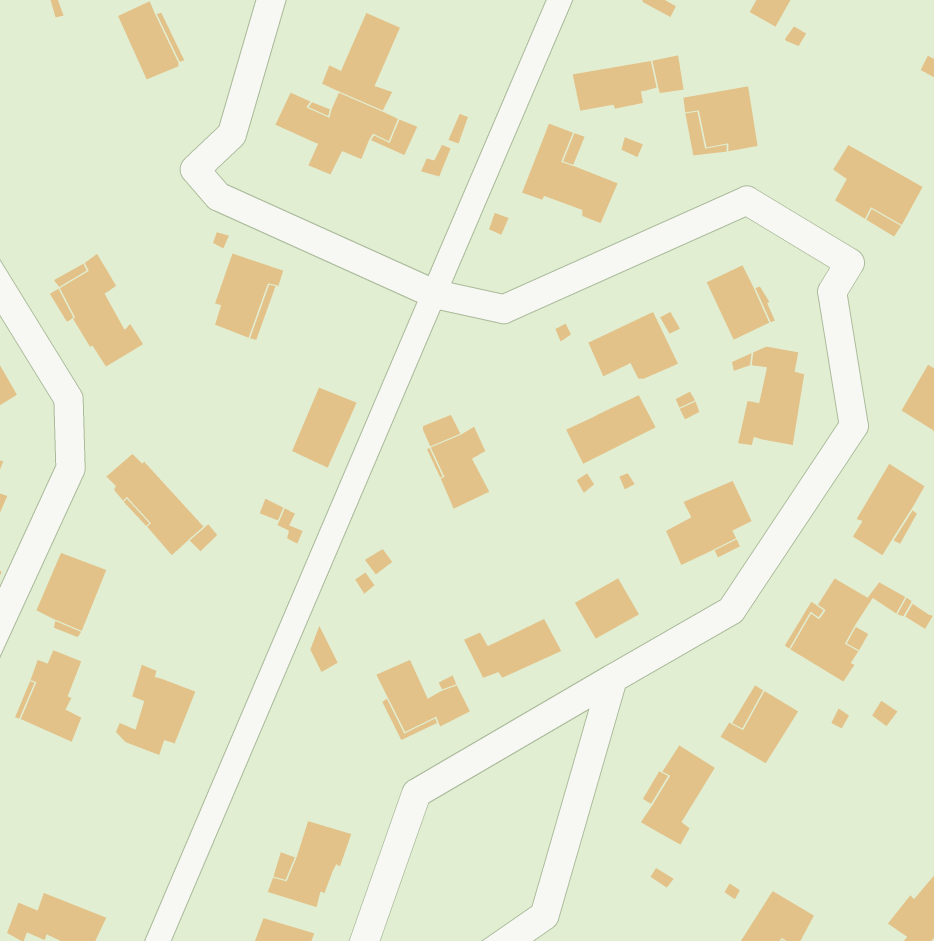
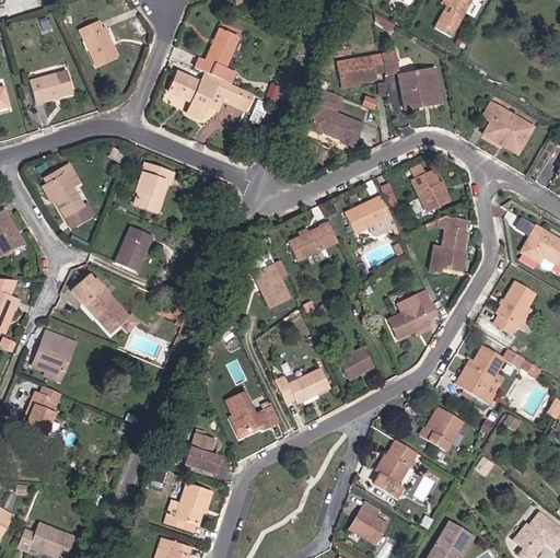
building: none -> [30,70,73,102]
building: [291,387,357,469] -> [115,226,152,272]
building: [565,394,657,464] -> [287,222,338,261]
building: [115,664,196,756] -> none
building: none -> [184,432,215,470]
building: none -> [349,501,387,544]

